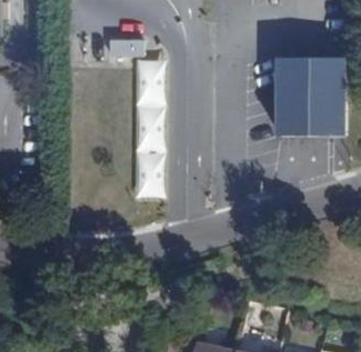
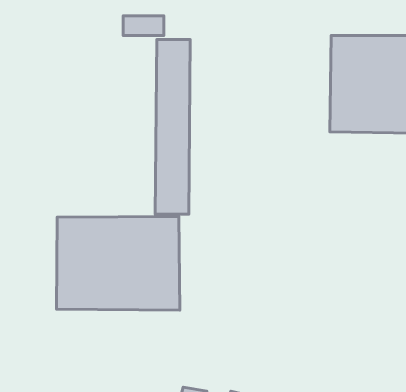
building: none -> [56,216,180,310]

